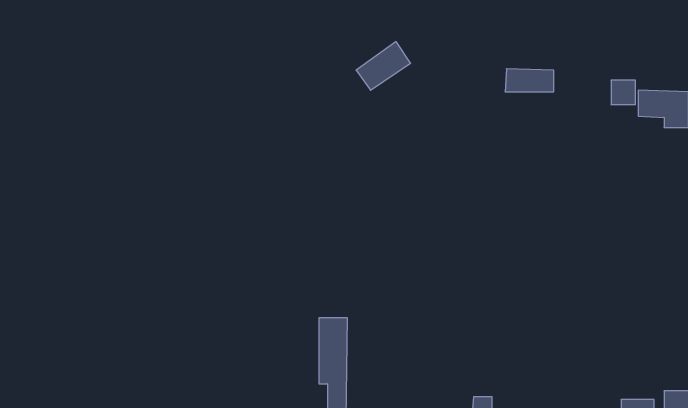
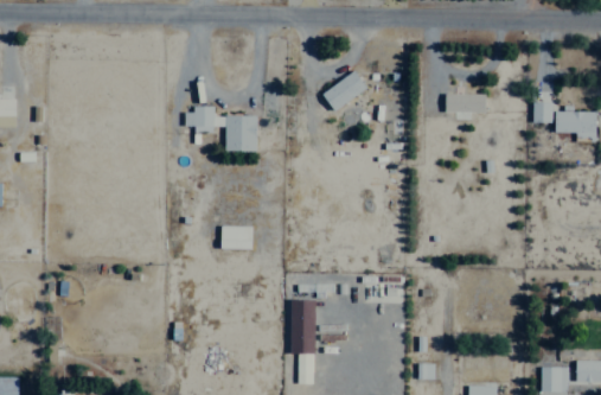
building: none -> [185,107,257,152]
building: none -> [222,227,252,250]

